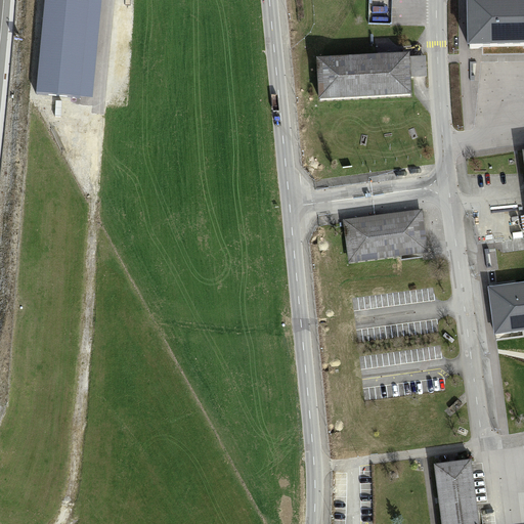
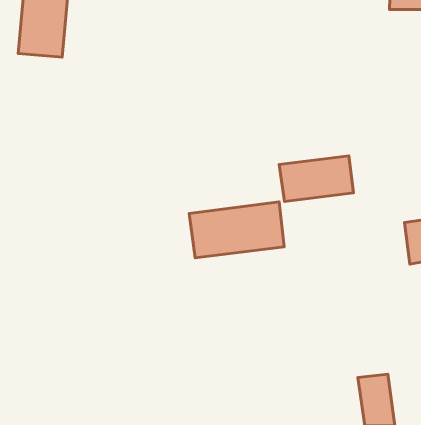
building: [318,53,414,97] -> none
building: none -> [189,202,284,258]

